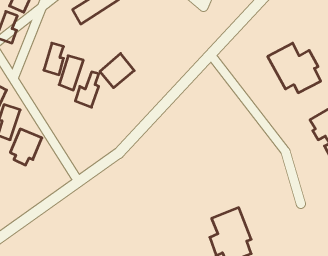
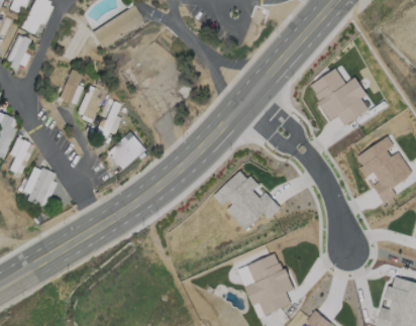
building: [100,53,134,88] -> [107,130,145,169]
building: none -> [213,169,281,230]

